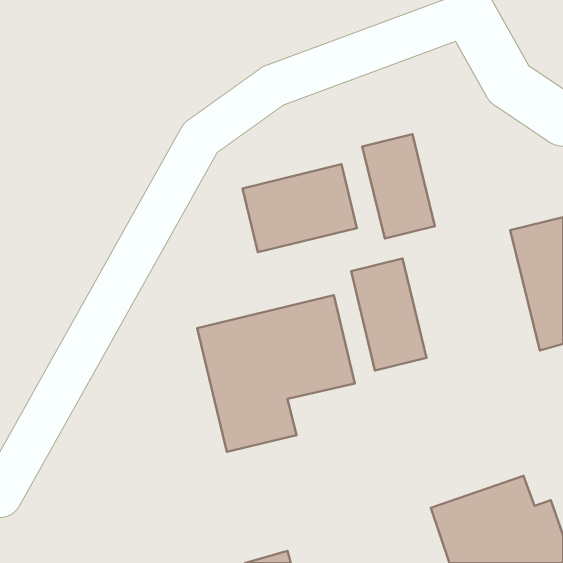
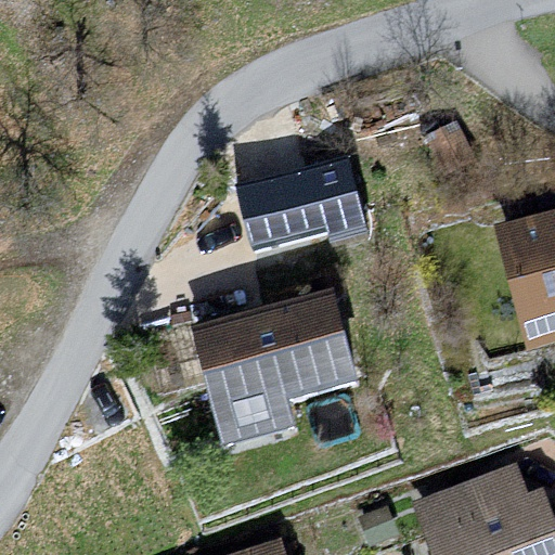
building: [362,134,435,239] -> none
building: [351,259,426,370] -> none

